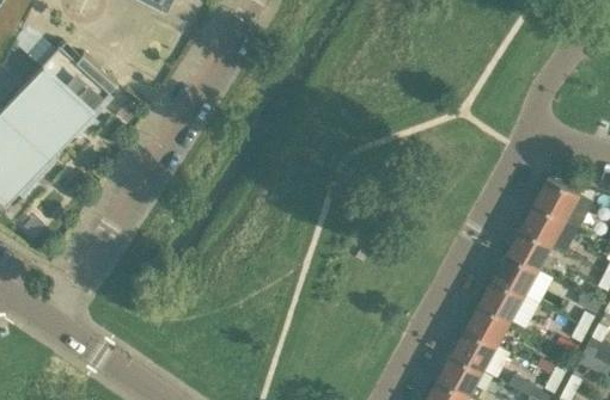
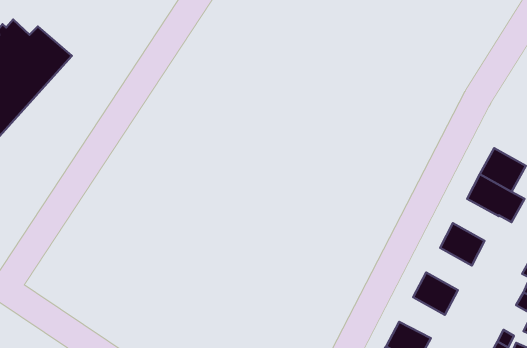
building: [506,229,553,272] -> none
building: [478,279,525,322] -> none
building: [451,330,498,371] -> none

